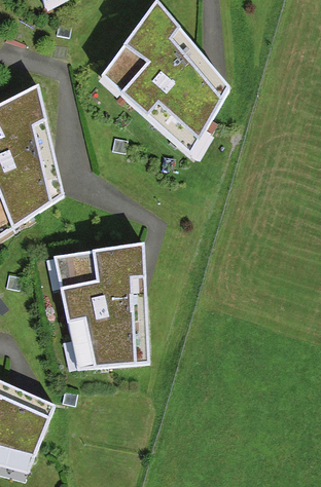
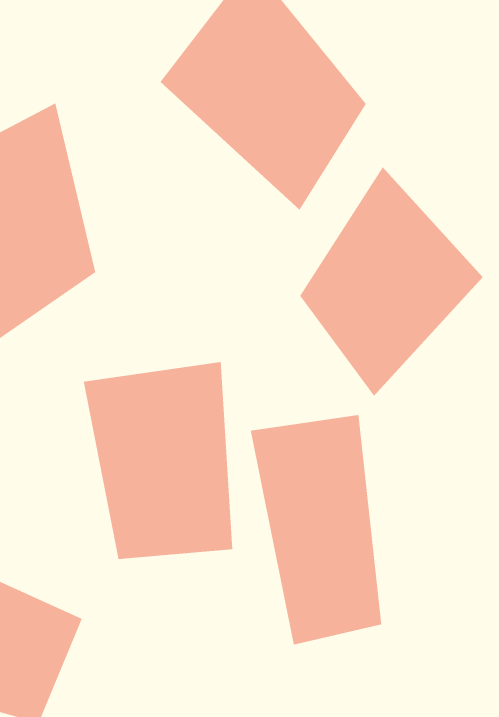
building: none -> [299,166,484,397]
building: none -> [250,414,382,645]

